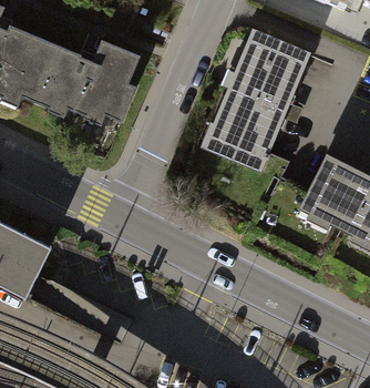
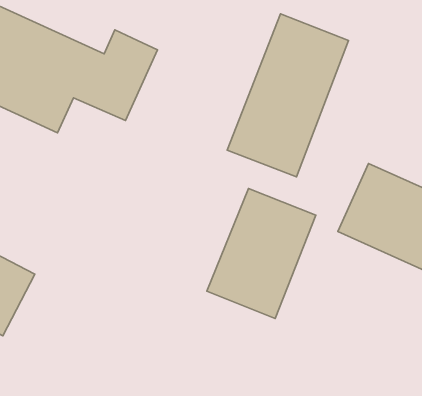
building: none -> [207,189,316,318]

